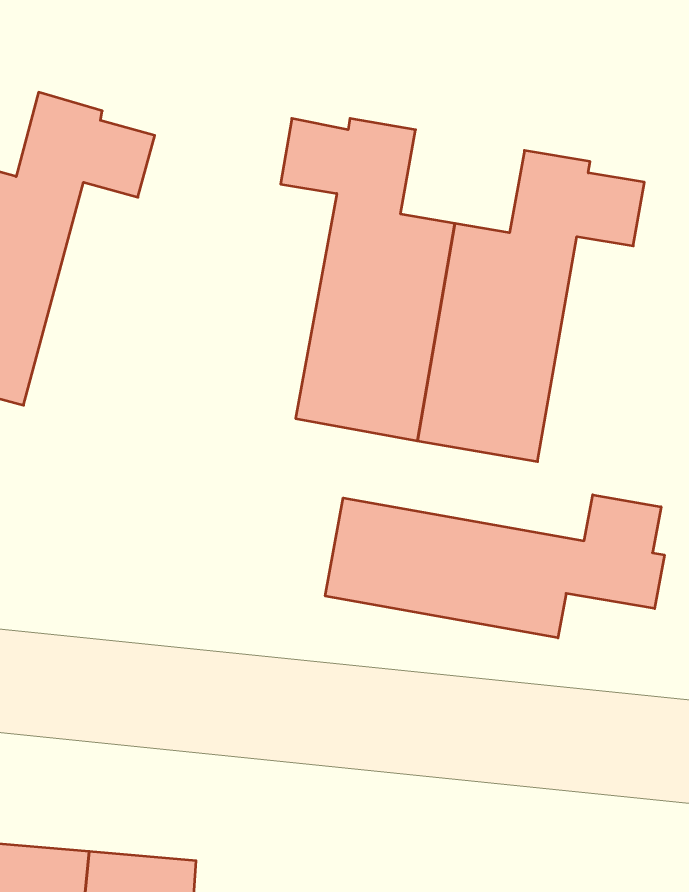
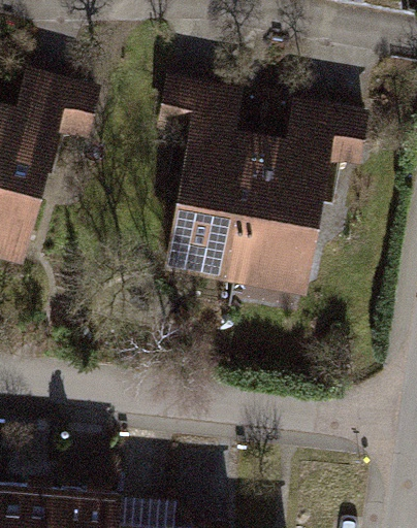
building: [325,495,664,638] -> none

